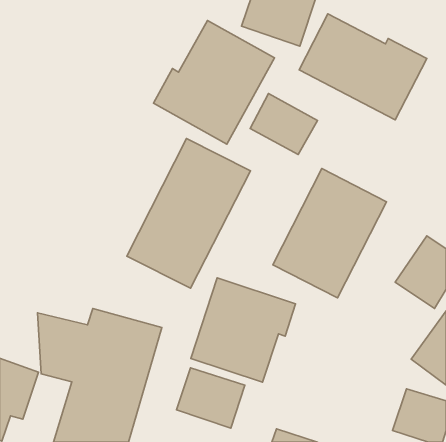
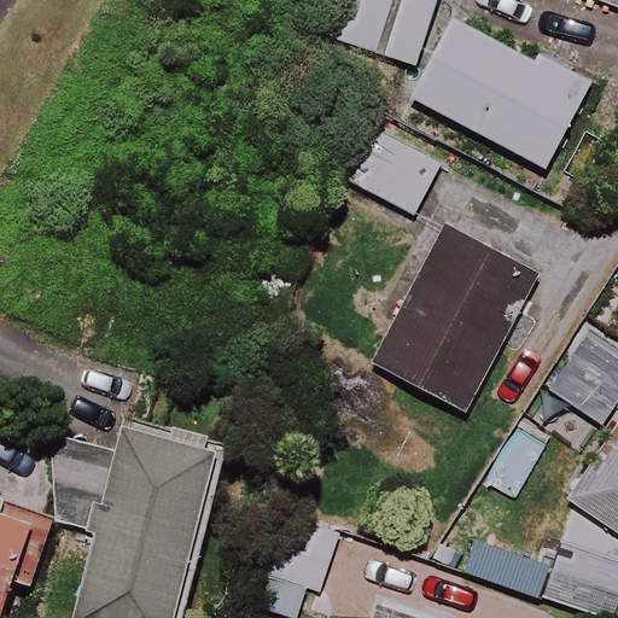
building: [153,21,275,144] -> none
building: [127,139,250,288] -> none
building: [191,278,296,382] -> none

